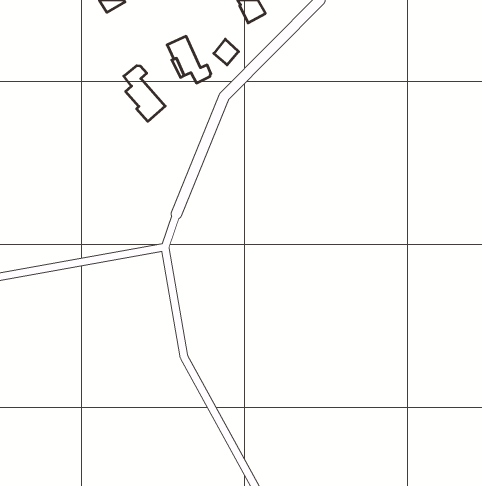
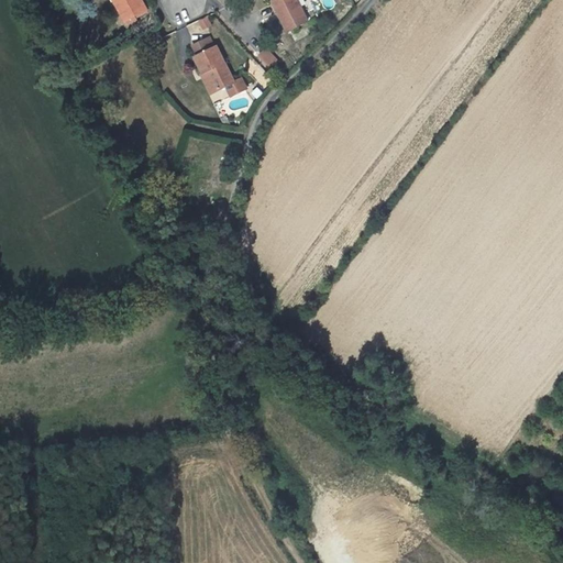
building: [124,66,165,121] -> none

